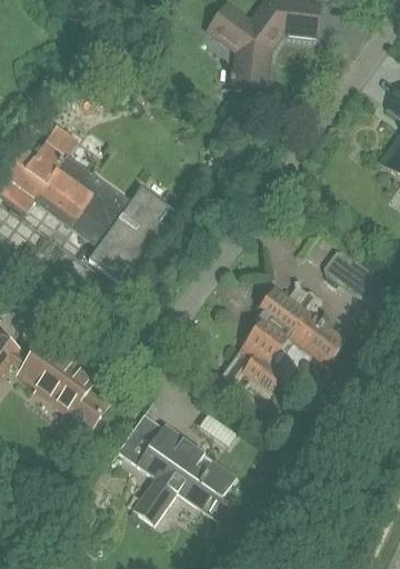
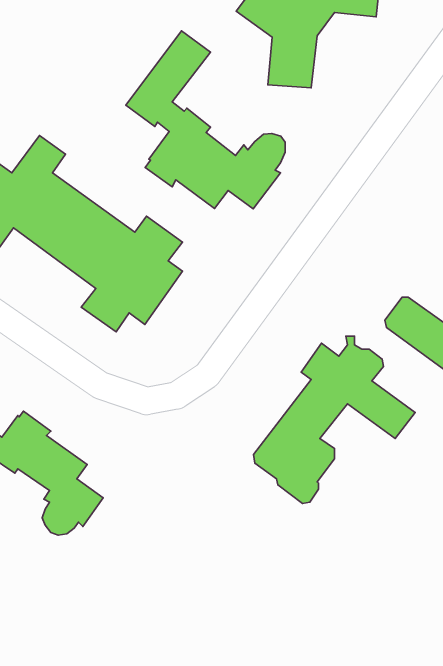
building: none -> [126,31,285,209]
building: [118,415,236,523] -> none

